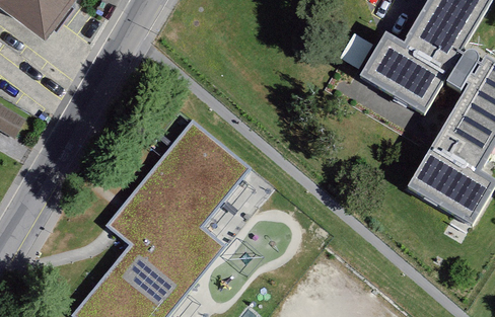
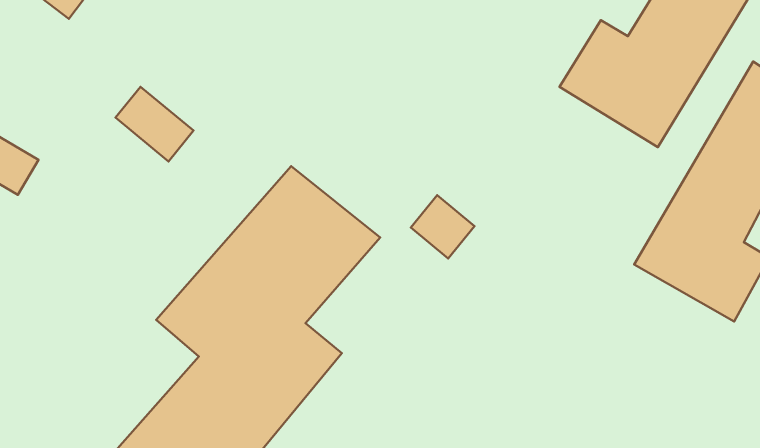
building: none -> [115,87,193,161]
building: none -> [411,195,475,258]

